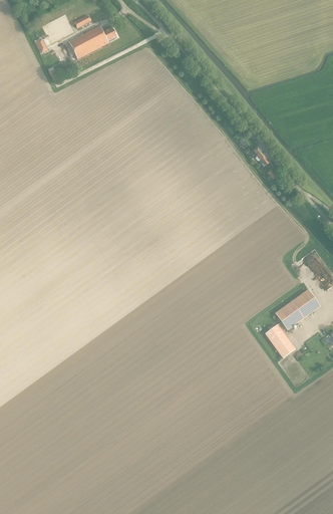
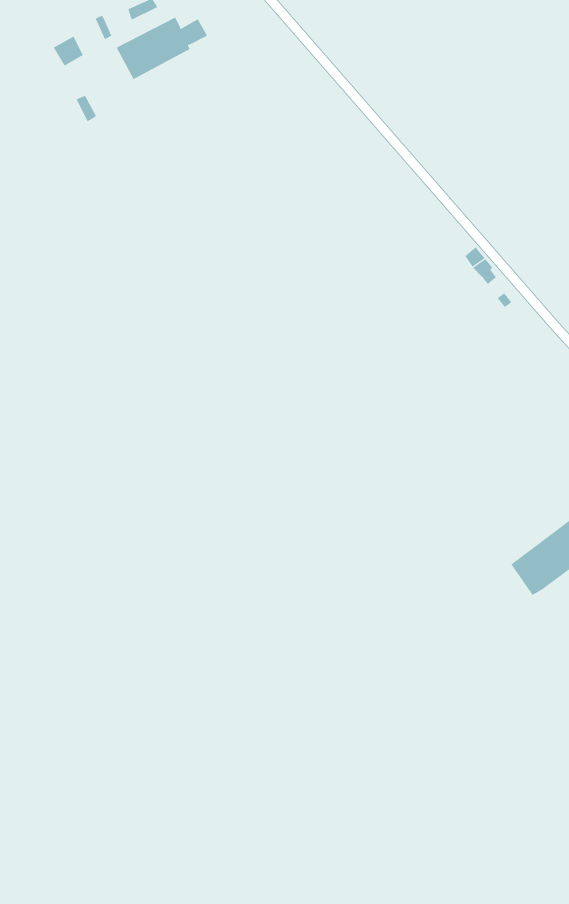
building: [265,324,295,357] -> none

